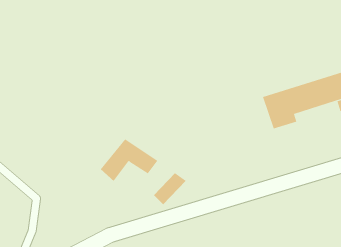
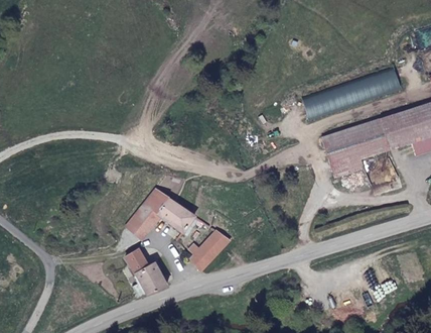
building: none -> [302,67,402,119]
building: none -> [124,244,166,298]

